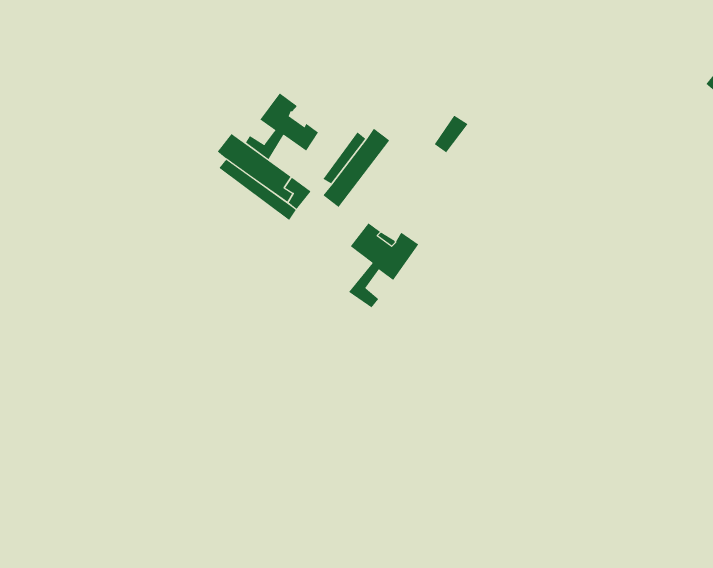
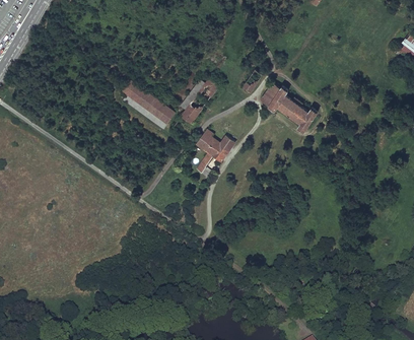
building: [245,92,319,160] -> none
building: none -> [261,82,318,131]

